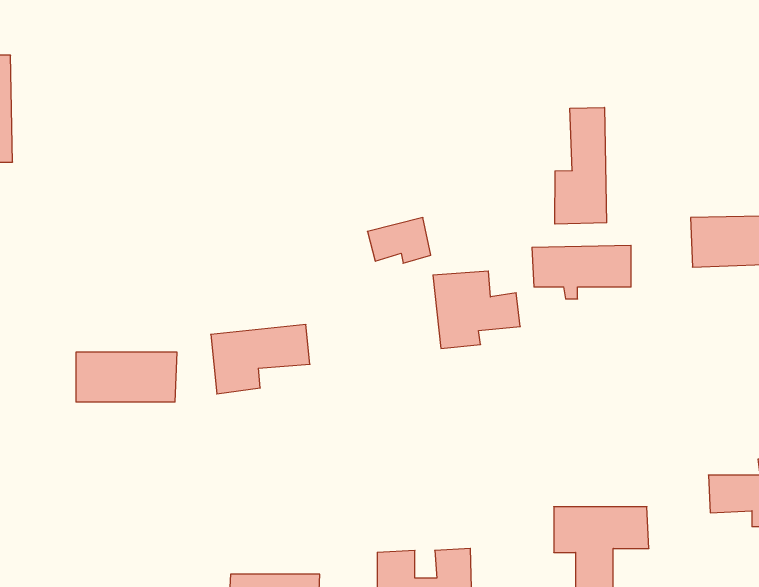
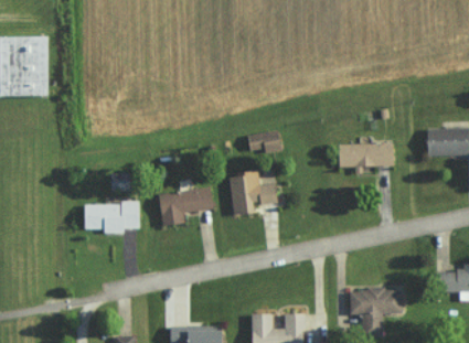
building: [555,107,607,224] -> none
building: [433,271,520,348] -> [228,171,277,214]

